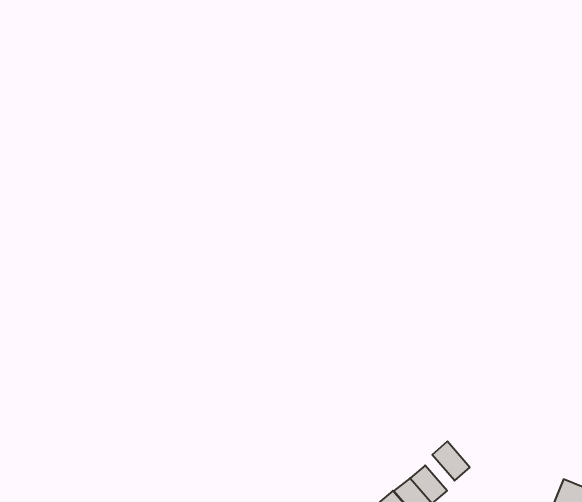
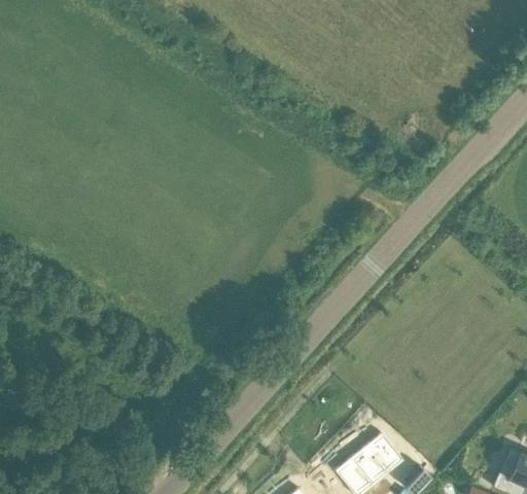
building: [432,441,470,481] -> none

